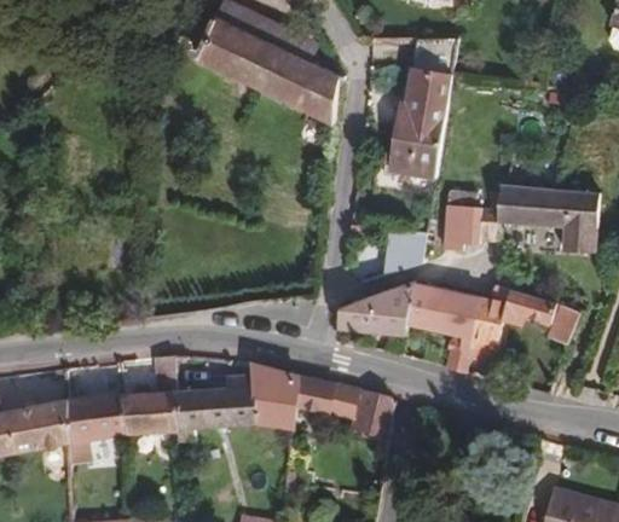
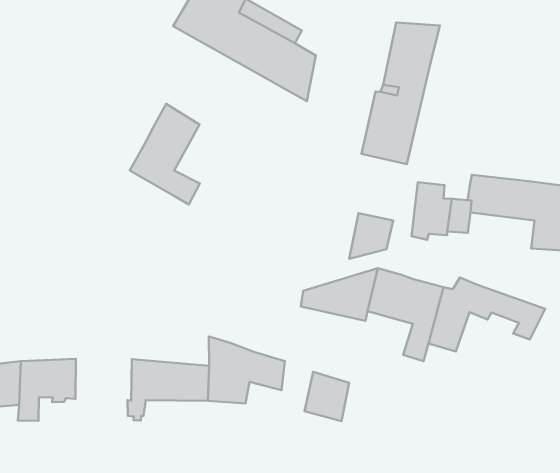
building: none -> [130,104,200,204]
building: [118,354,177,434] -> none

